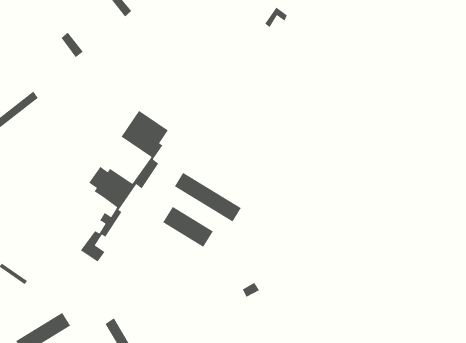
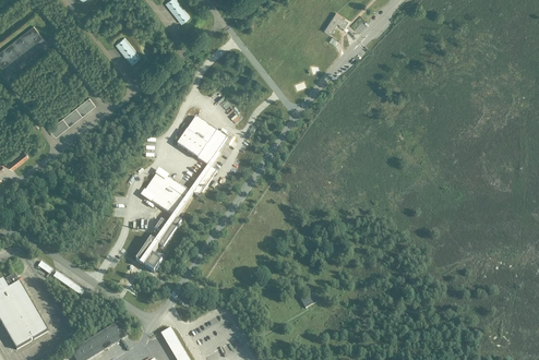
building: [174,172,242,222] -> none
building: [162,206,214,248] -> none

